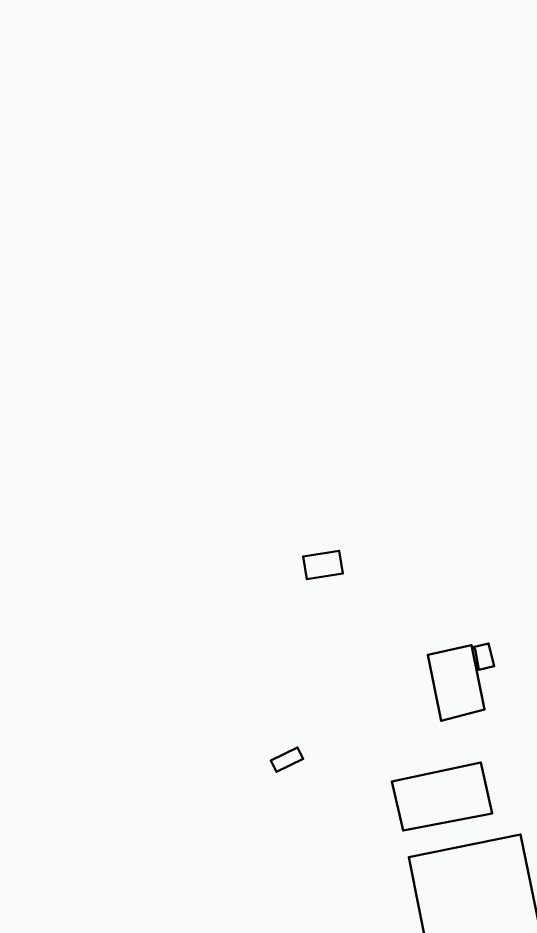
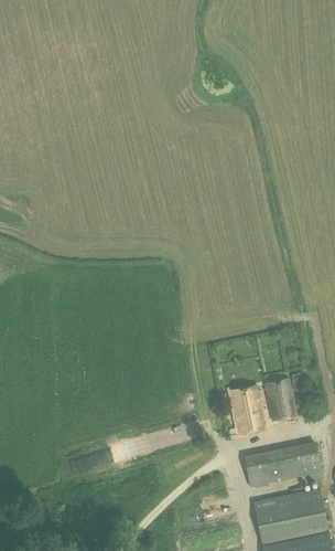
building: none -> [229,385,264,434]
building: none -> [294,443,320,476]

